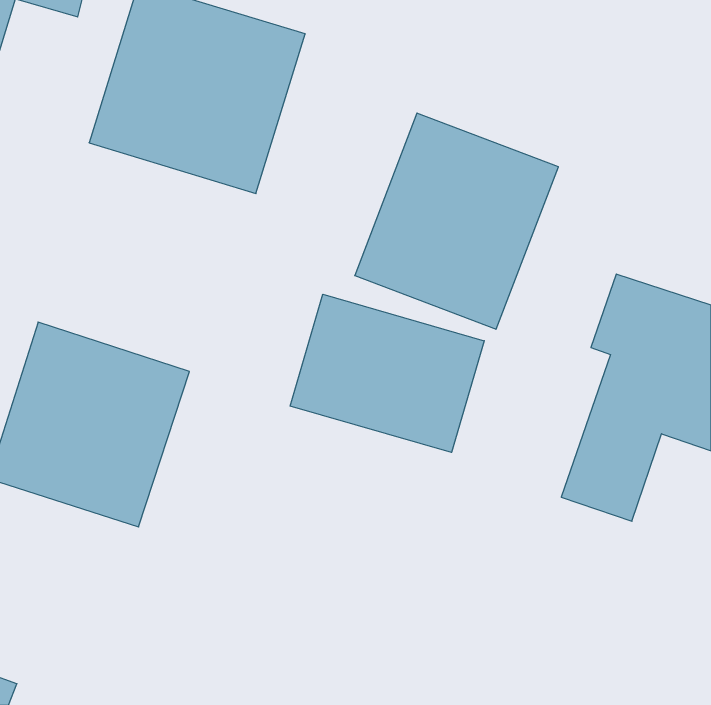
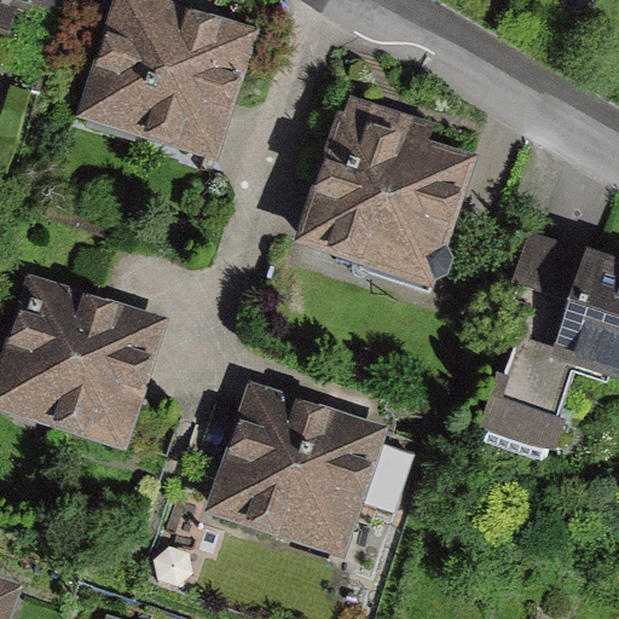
building: [290,294,484,452] -> none
building: none -> [212,374,381,554]

